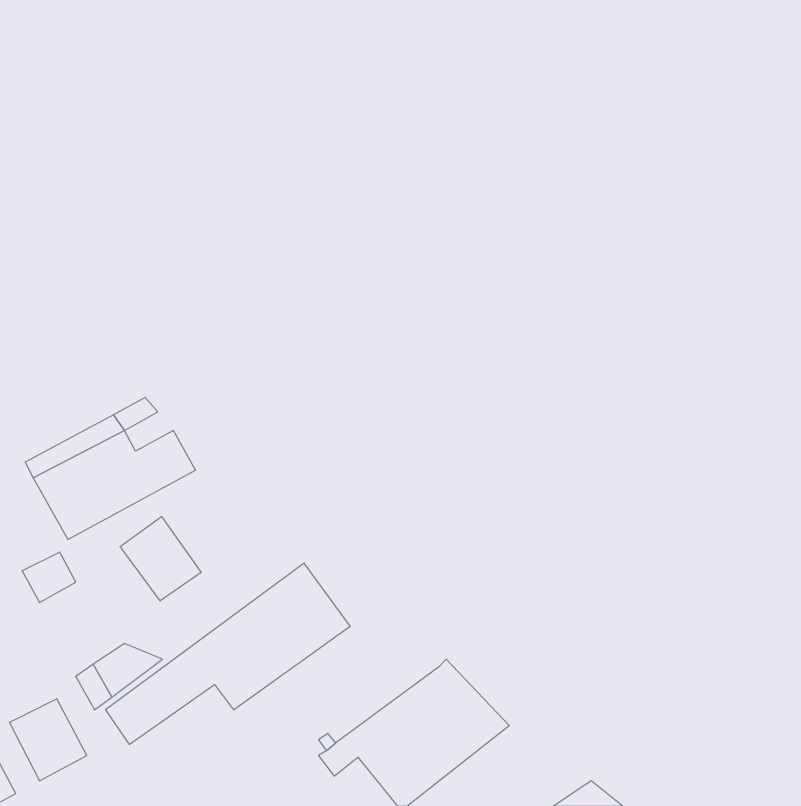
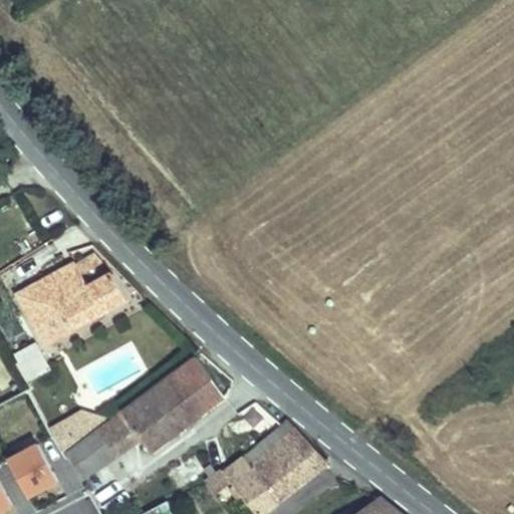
building: [120,517,201,601] -> none

